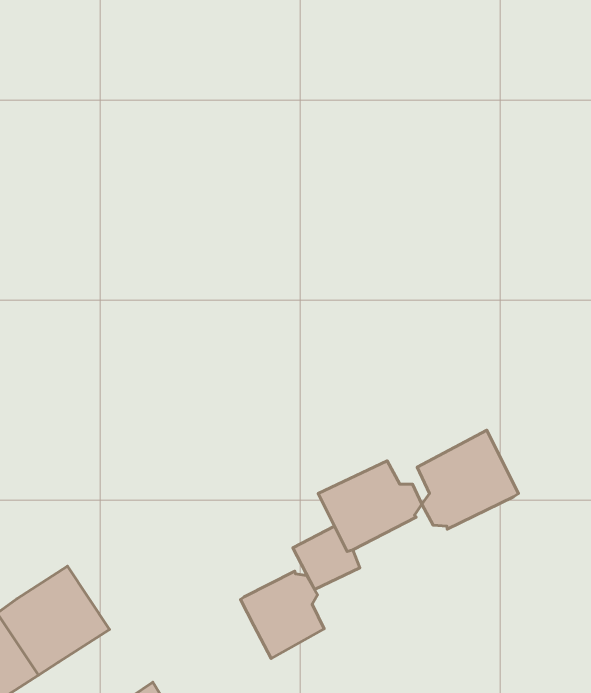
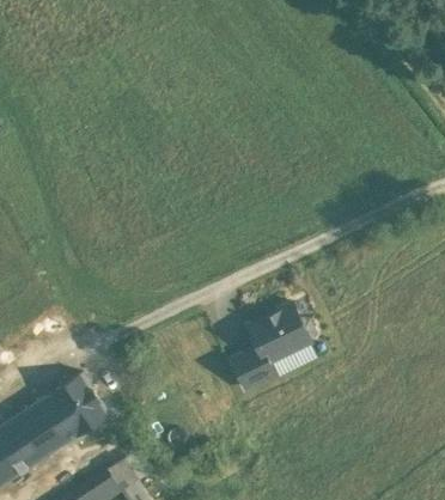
building: [417,430,518,529] -> none
building: [241,571,324,658] -> none

